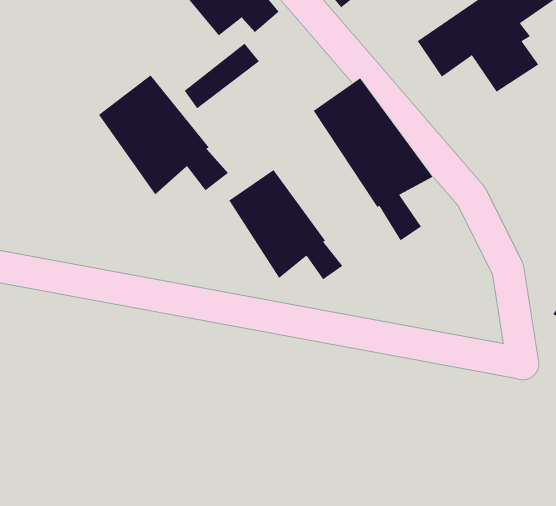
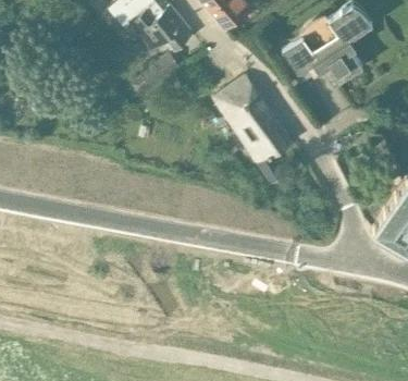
building: [98,74,229,195] -> none
building: [229,169,343,280] -> none

